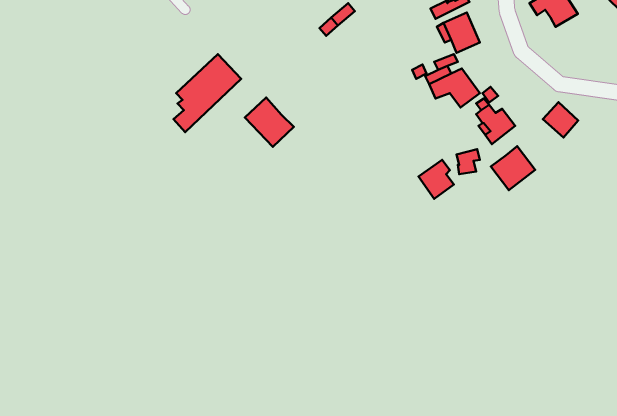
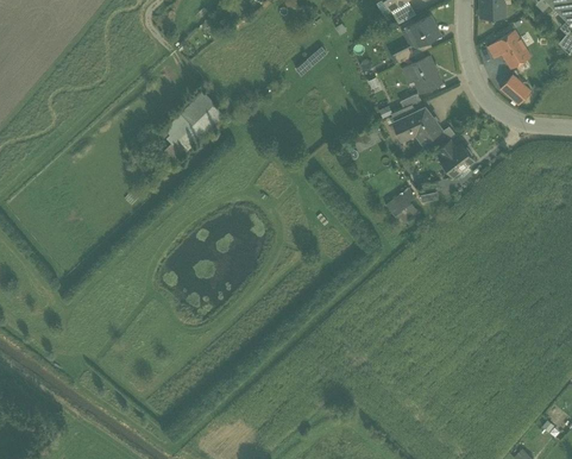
building: [245,98,294,147] -> none
building: [543,102,578,137] -> [499,74,532,106]
building: [491,146,535,190] -> none

